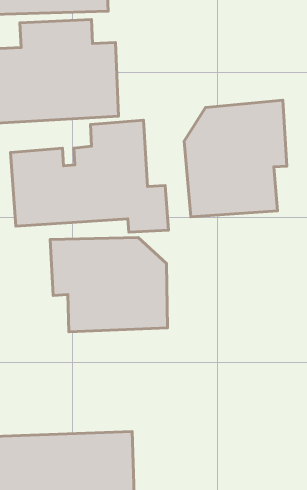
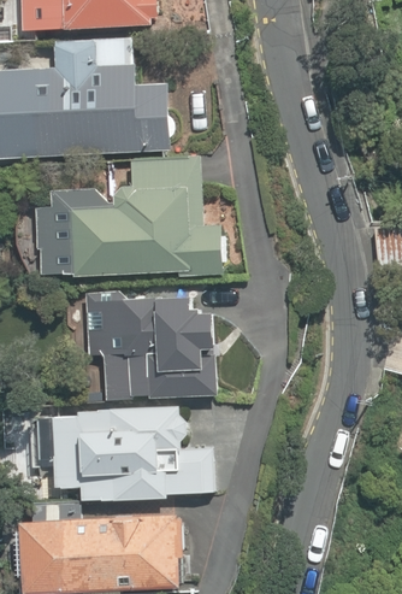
building: [184,100,287,217] -> none
building: none -> [51,412,208,502]

